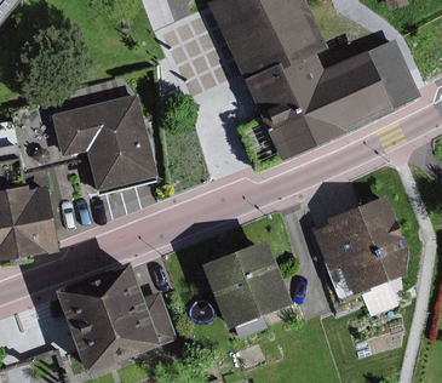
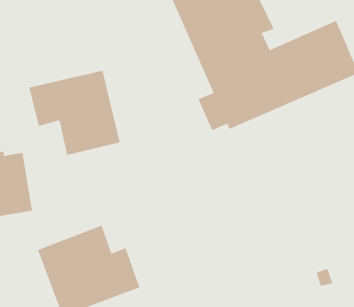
building: [314,194,406,315] -> none
building: [199,239,287,337] -> none

